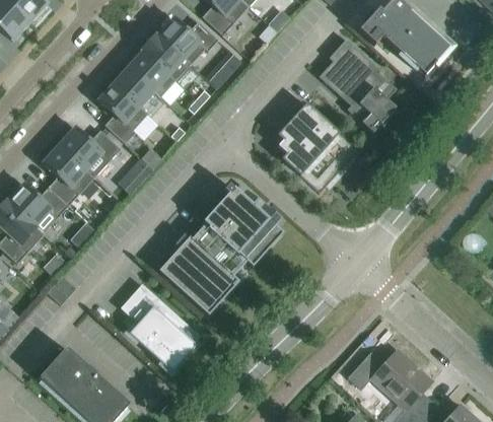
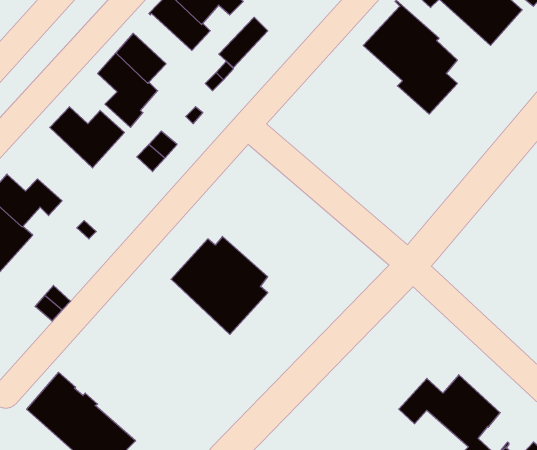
building: [127,50,175,97] -> none
building: [277,102,357,193] -> none
building: [42,144,93,205] -> none
building: [201,183,282,268] -> none
building: [120,284,199,370] -> none

